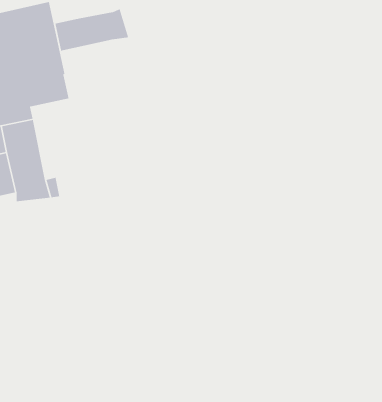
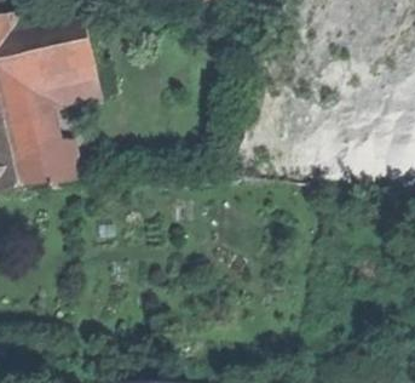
building: [55,8,129,51] -> none

